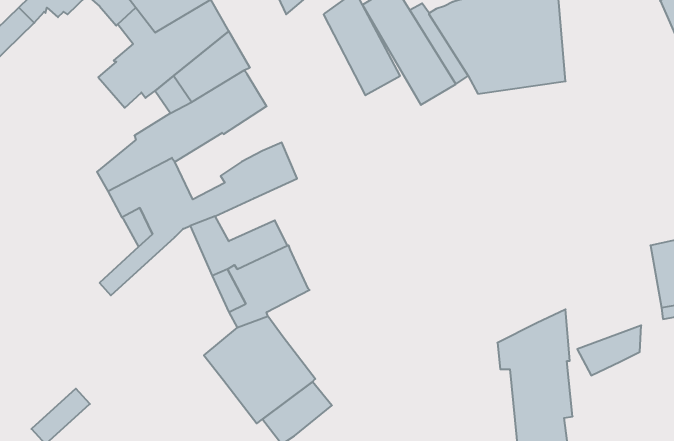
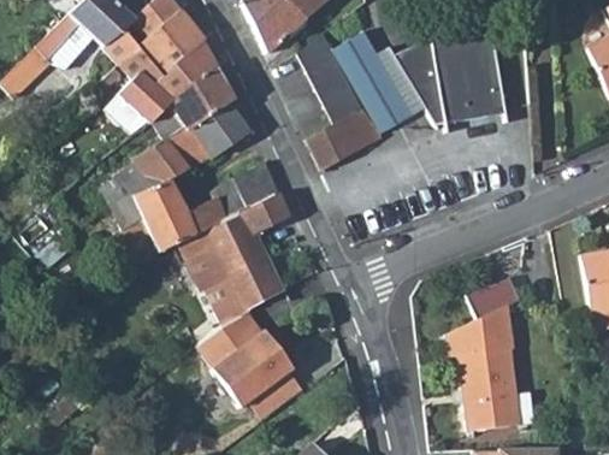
building: none -> [307,106,385,170]
building: none -> [205,195,285,249]
building: [577,325,641,375] -> [471,277,526,320]

